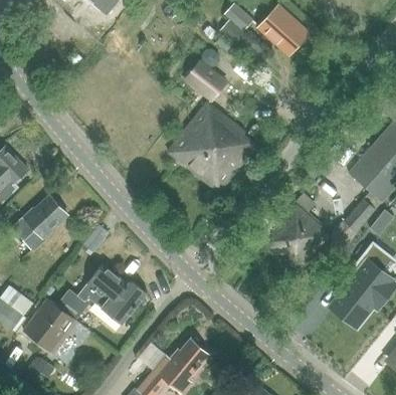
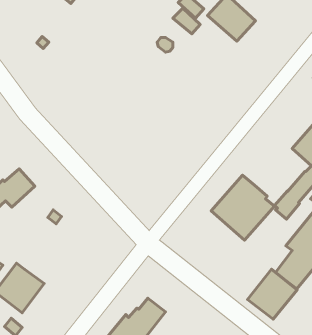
building: [183,60,226,100] -> none
building: [169,104,255,191] -> none
building: [56,263,146,328] -> none
building: none -> [248,269,297,319]

